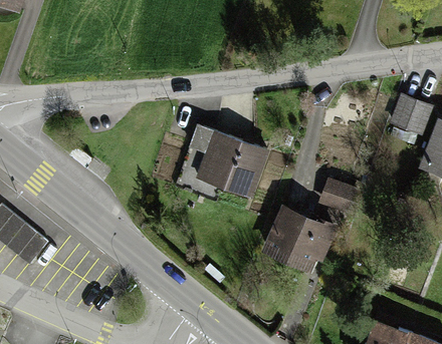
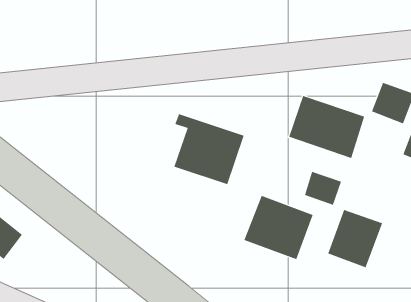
building: none -> [288,95,365,159]
building: none -> [328,209,383,268]

